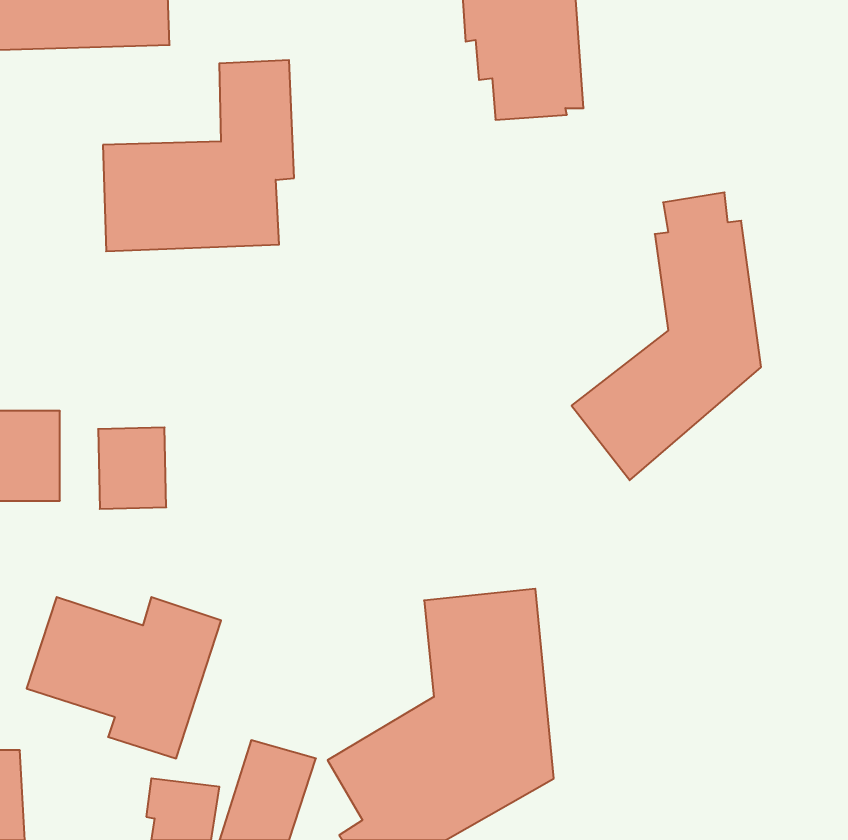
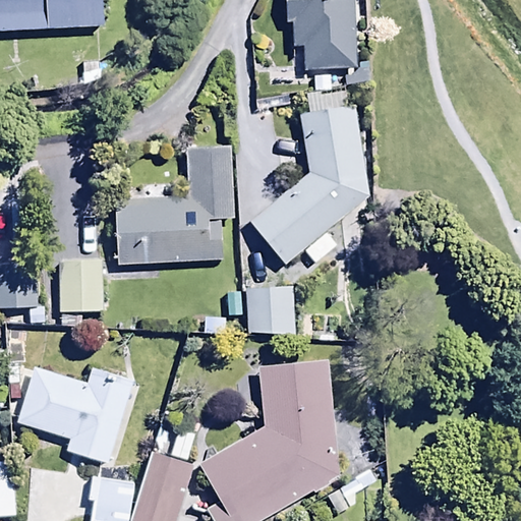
building: [103,60,294,251] -> [116,147,233,264]
building: [572,192,761,480] -> [250,90,366,266]
building: none -> [247,287,295,335]

